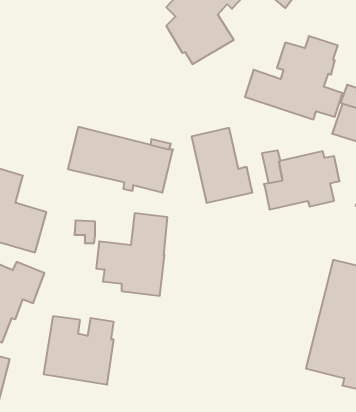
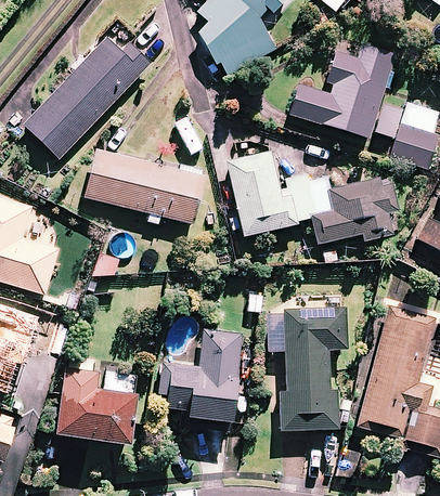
building: none -> [24,37,153,158]
building: none -> [285,172,316,220]
building: [96,213,167,296] -> [159,328,242,423]
building: none -> [268,306,347,430]

